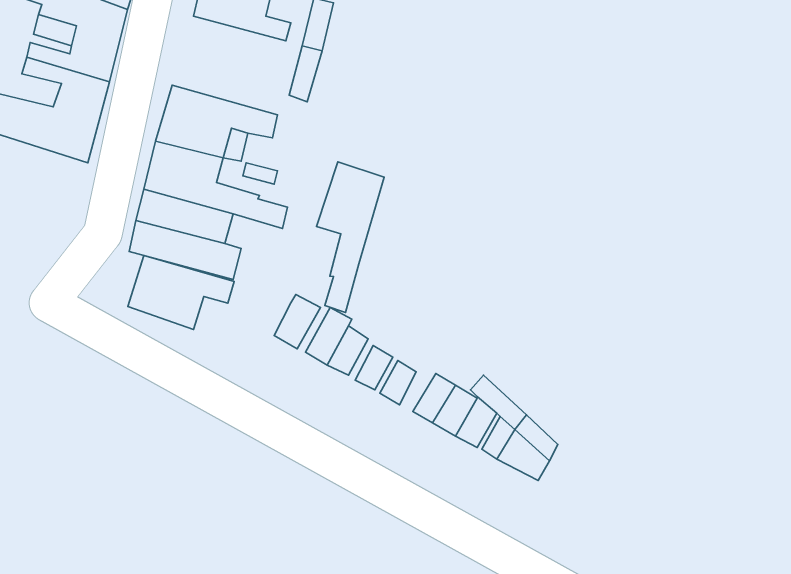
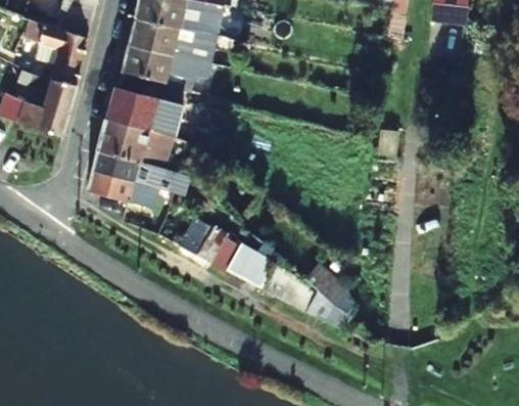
building: none -> [123,45,187,87]
building: [317,162,384,312] -> none
building: [128,256,234,330] -> none

